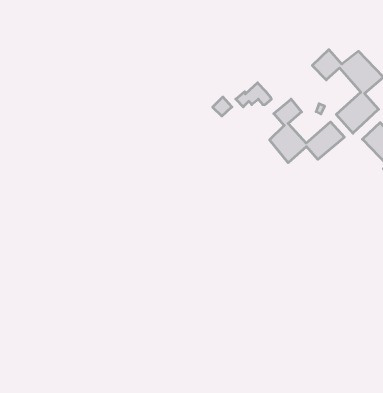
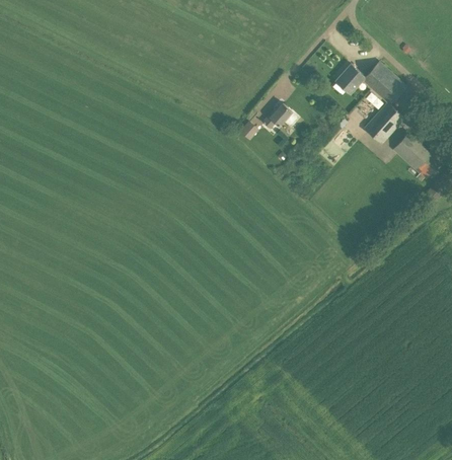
building: [270,99,344,163] -> none

